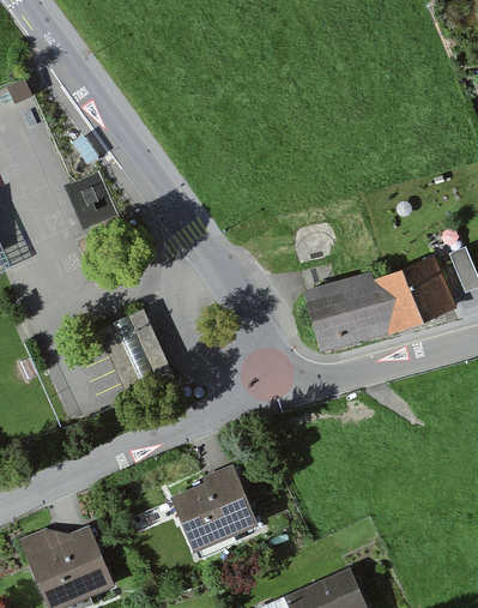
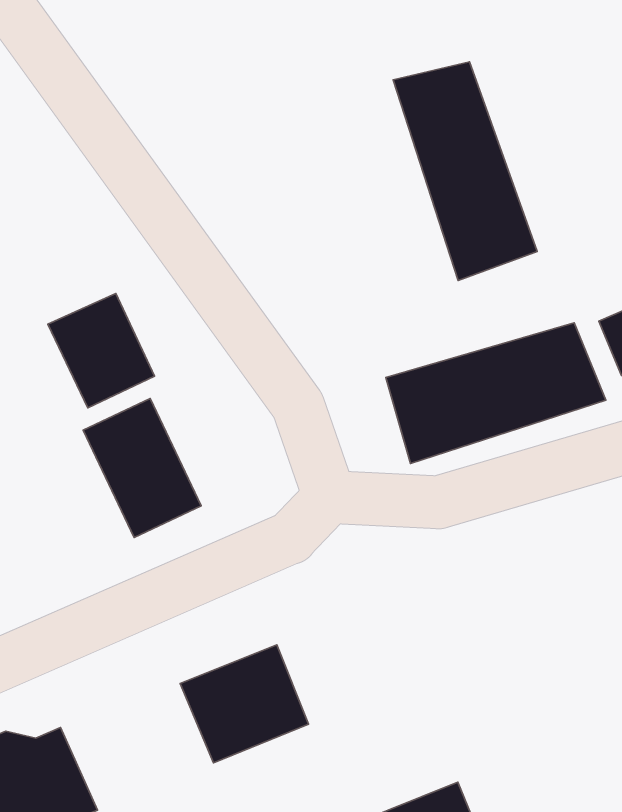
building: none -> [393,62,537,281]
building: none -> [48,293,154,408]

